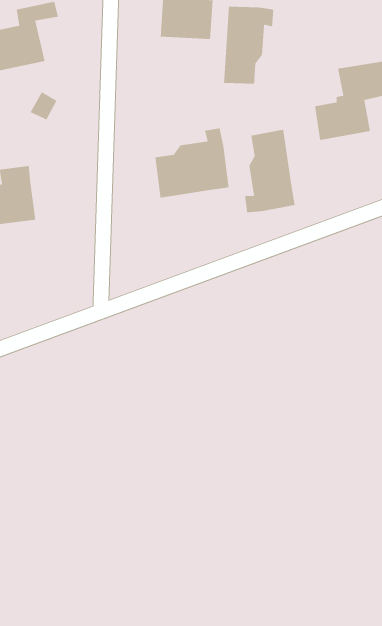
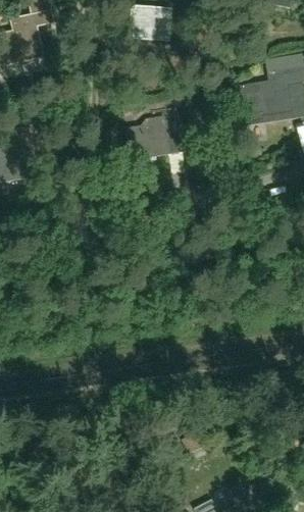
building: [223,6,274,85] -> none
building: [244,129,296,213] -> none

